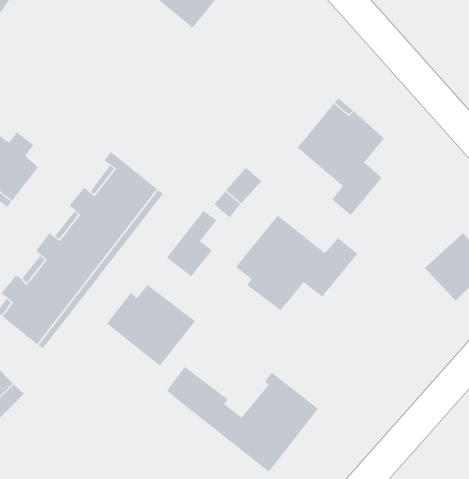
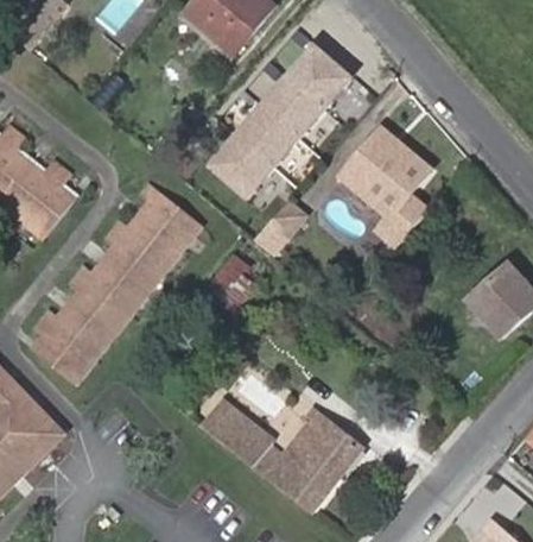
building: none -> [211,45,350,195]
building: [235,215,358,311] -> none
building: [106,284,196,367] -> none

